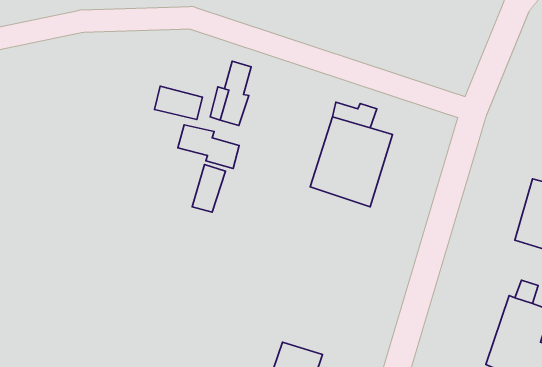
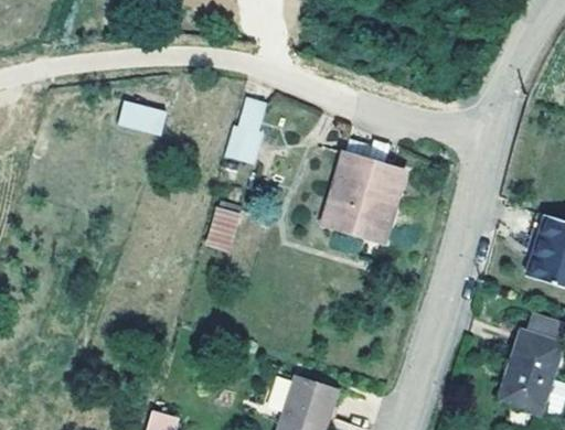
building: [155,86,202,120] -> [117,100,164,133]
building: [178,125,239,168] -> none

